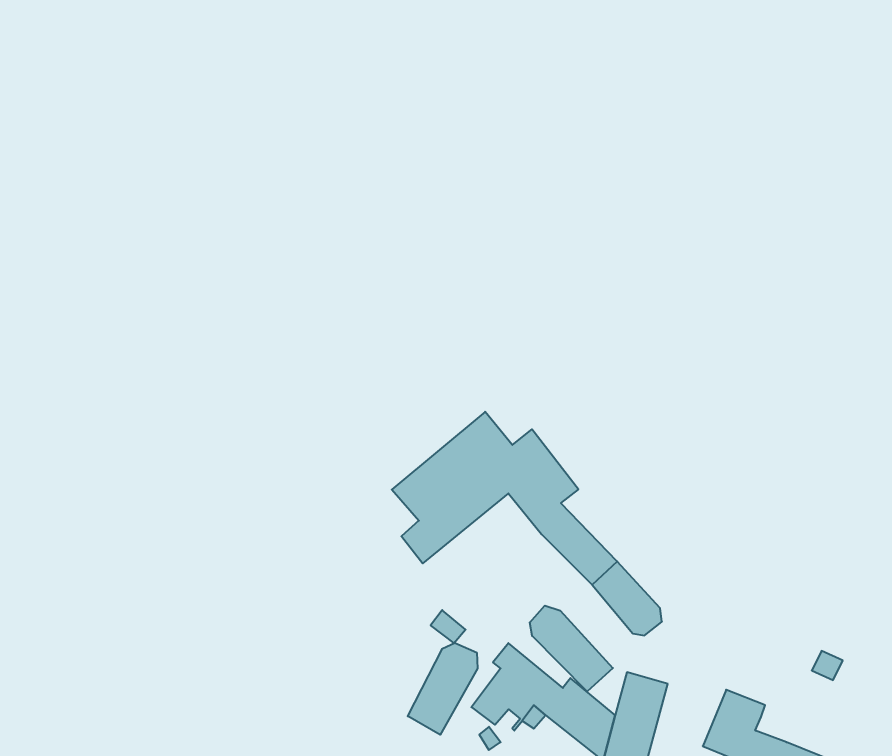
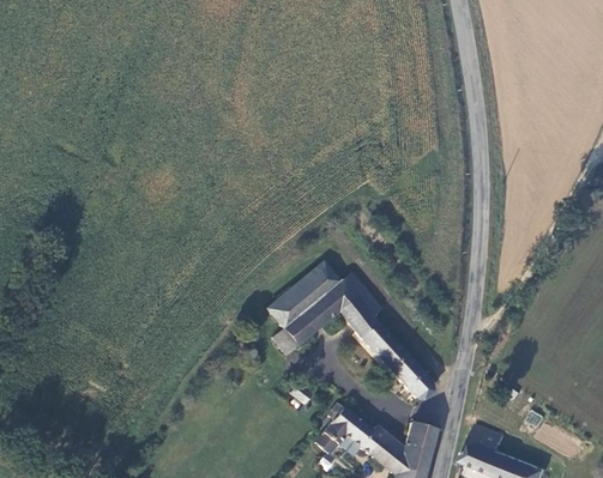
building: [530,606,613,692] -> none
building: [408,643,477,735] -> none

